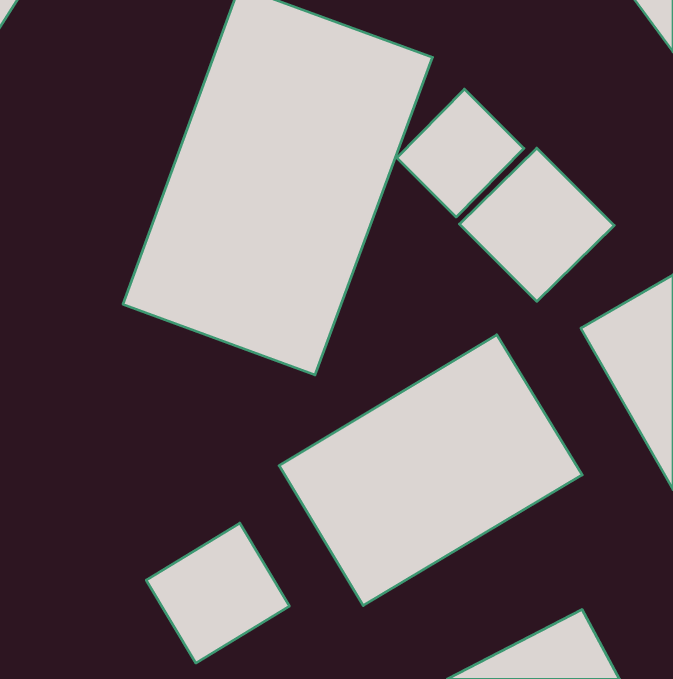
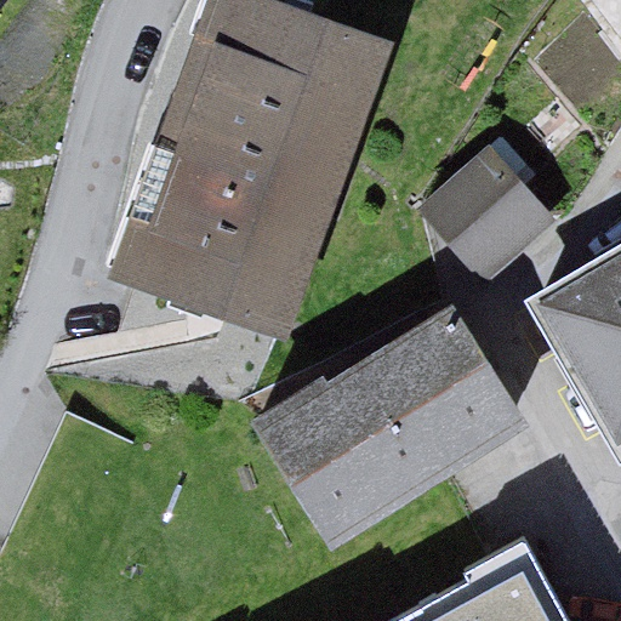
building: [397,89,524,217] -> none
building: [146,523,289,663] -> none

